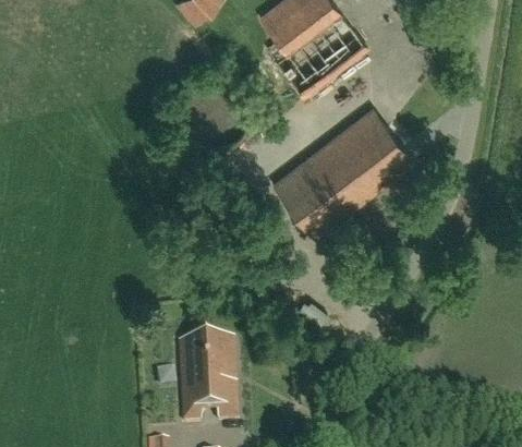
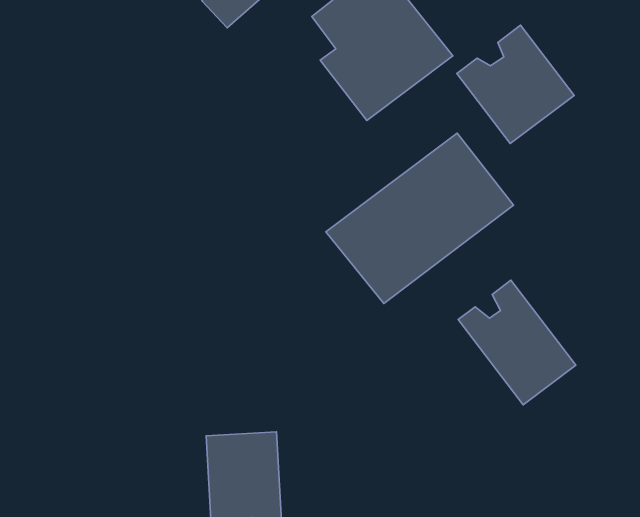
building: none -> [457,25,574,144]
building: none -> [458,280,576,405]

